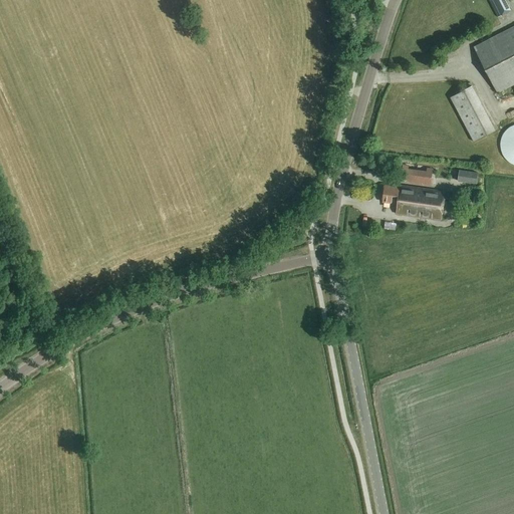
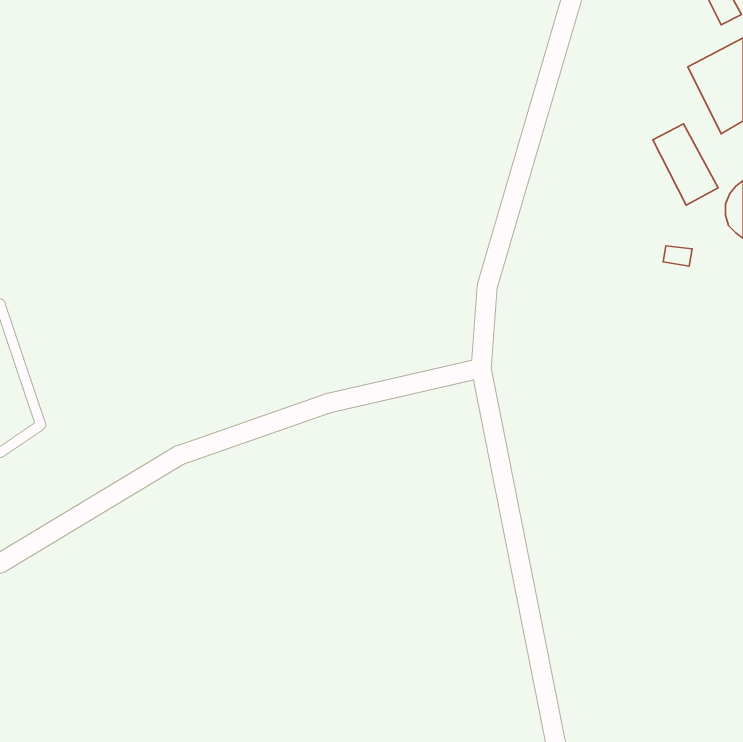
building: [401,164,433,185] -> none
building: [383,185,446,219] -> none

